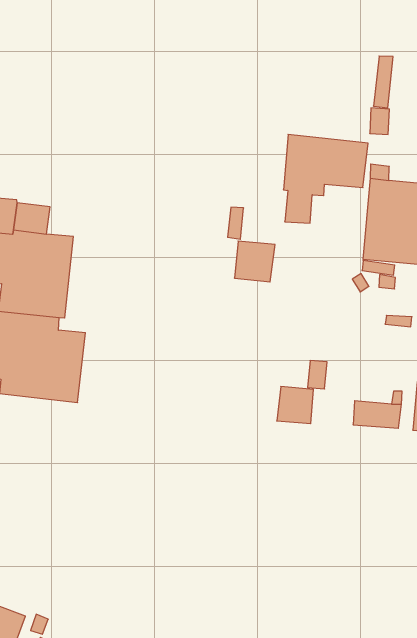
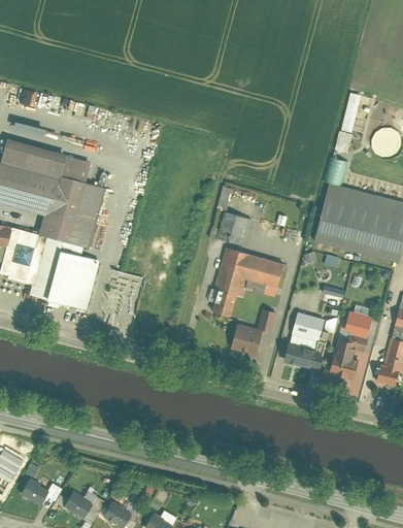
building: [283,134,368,223] -> [212,246,283,315]
building: none -> [291,312,324,349]

